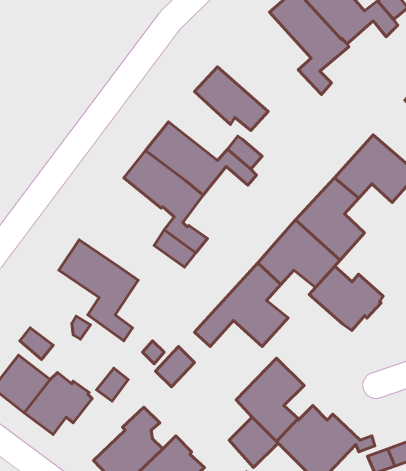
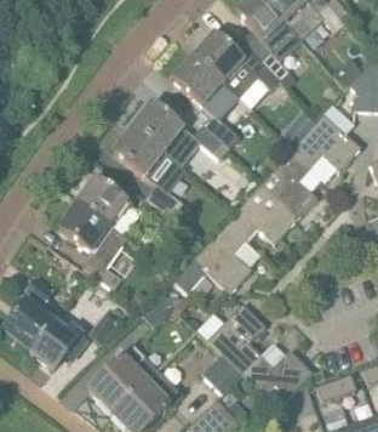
building: none -> [193,33,284,95]
building: none -> [76,177,130,226]
building: [309,266,383,330] -> none

